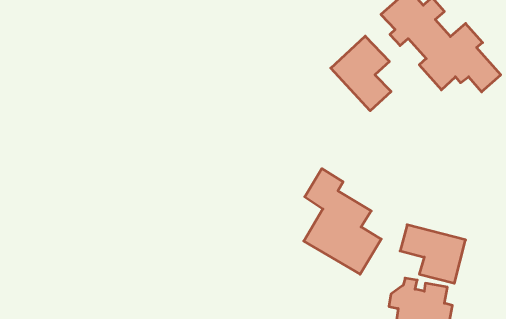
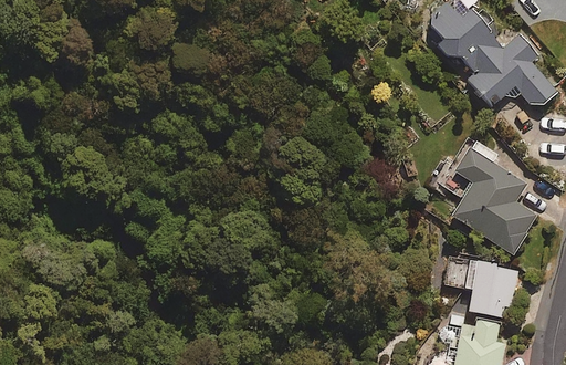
building: [331,36,391,111] -> none
building: [304,169,381,274] -> [452,138,537,254]

